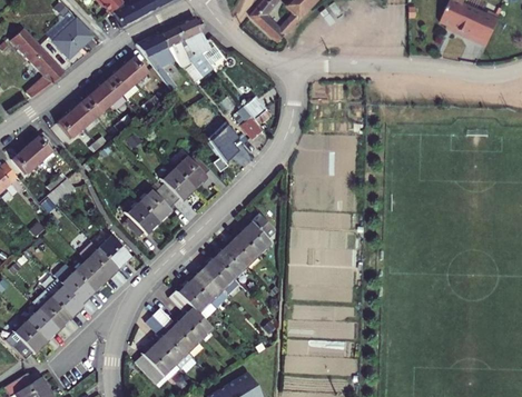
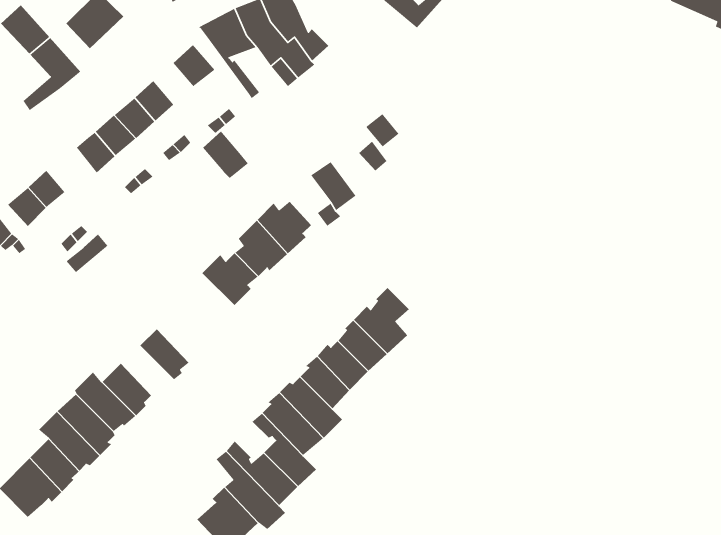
building: [108,66,138,97] -> [202,131,249,179]
building: [125,201,160,238] -> none
building: [81,242,121,280] -> none

